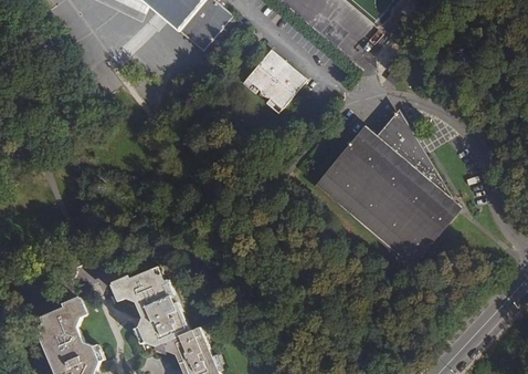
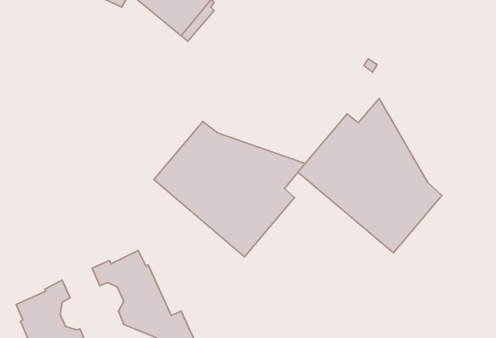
building: [243,46,304,106] -> none
building: none -> [154,121,305,257]

